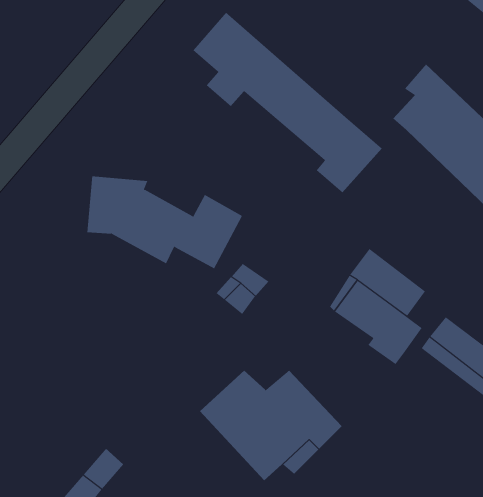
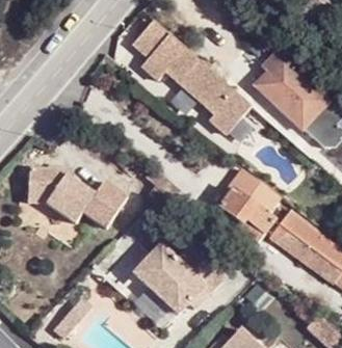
building: [86,176,243,269] -> [21,173,119,232]

